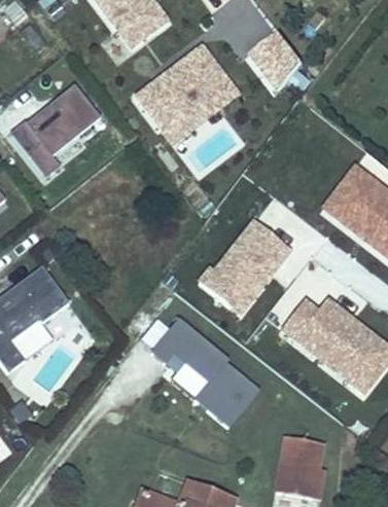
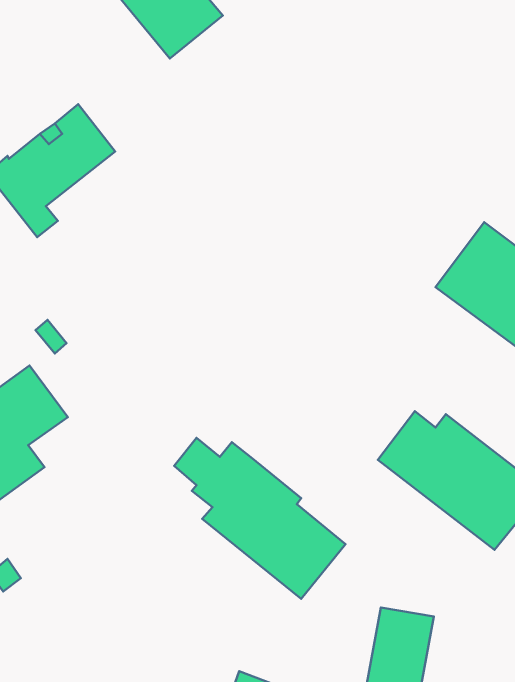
building: [250,31,301,93] -> none
building: [136,45,238,143] -> none
building: [205,222,292,315] -> none

